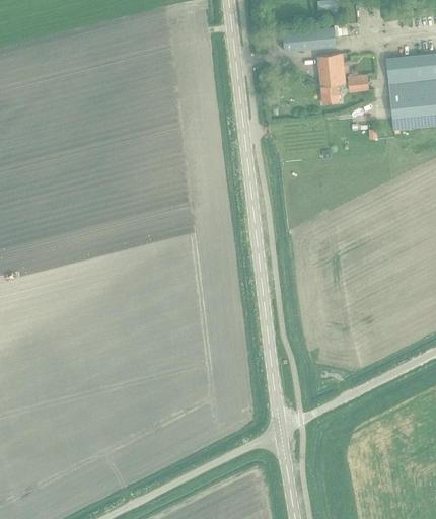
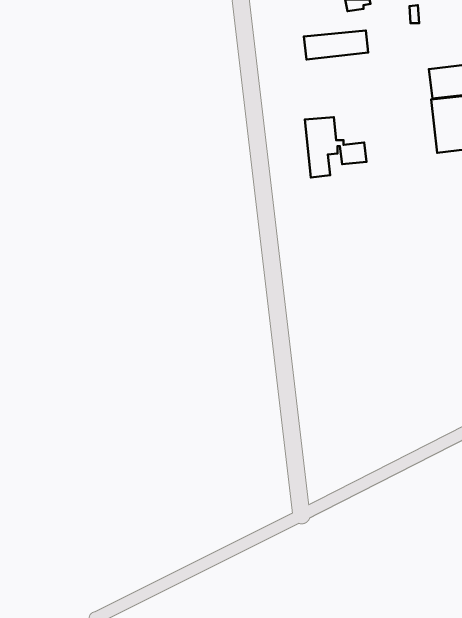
building: [317,53,369,103] -> [305,117,366,178]

